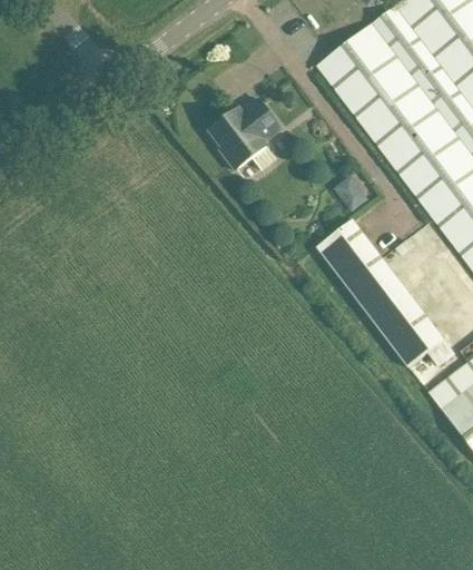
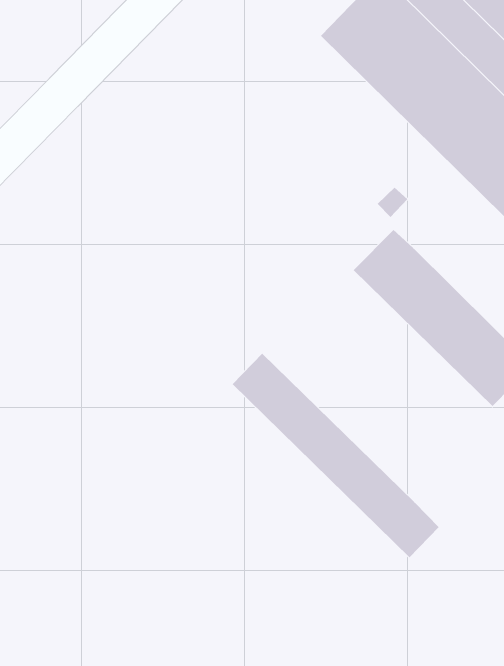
building: [209,97,283,169] -> none
building: none -> [232,353,440,558]

